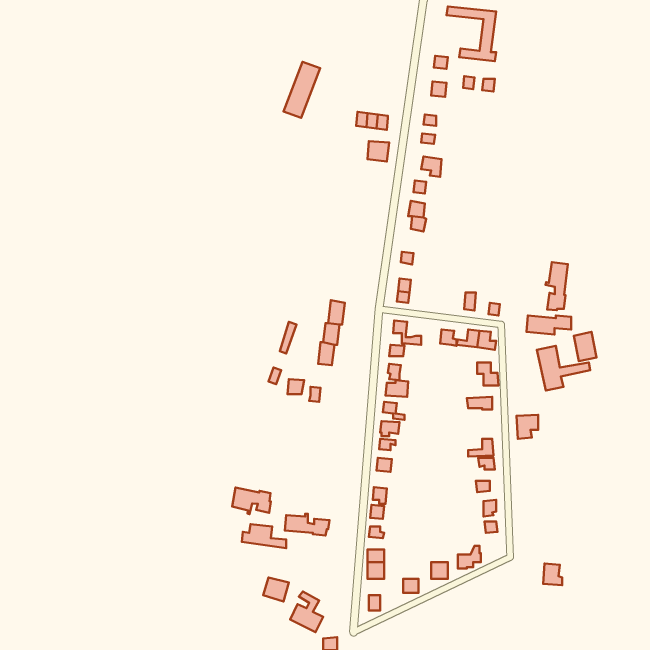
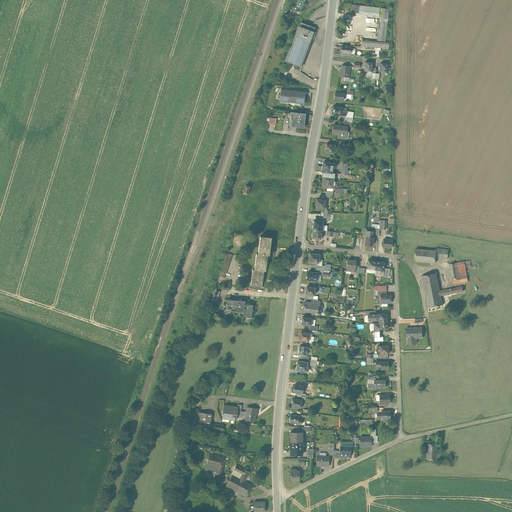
building: [283,62,320,118] -> [286,23,315,67]
building: [546,262,568,310] -> none
building: [232,488,271,514] -> none

